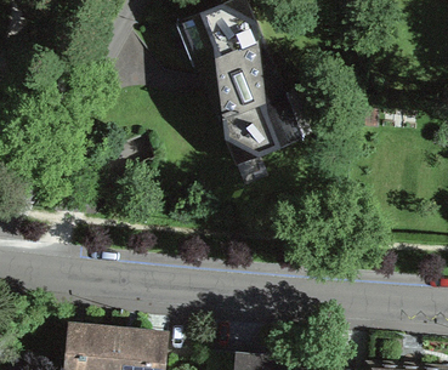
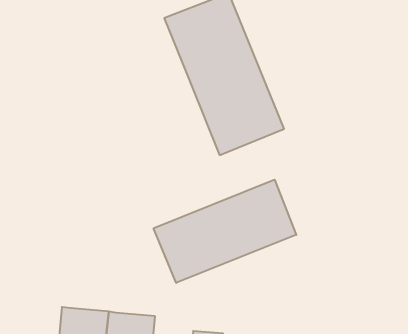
building: none -> [154,180,296,283]

